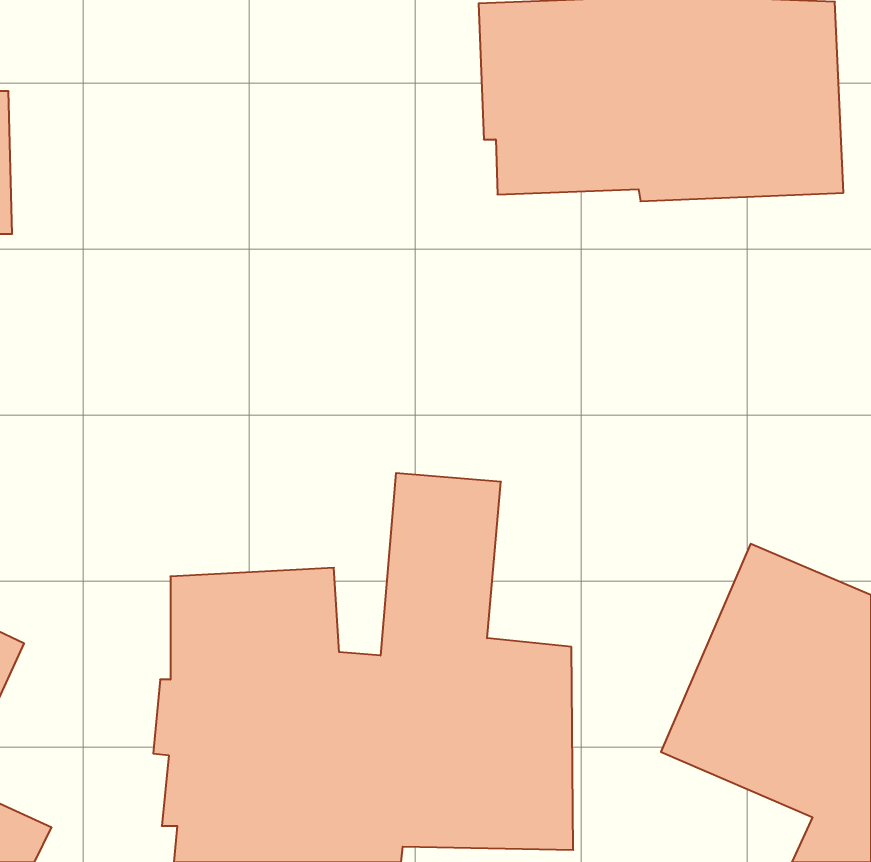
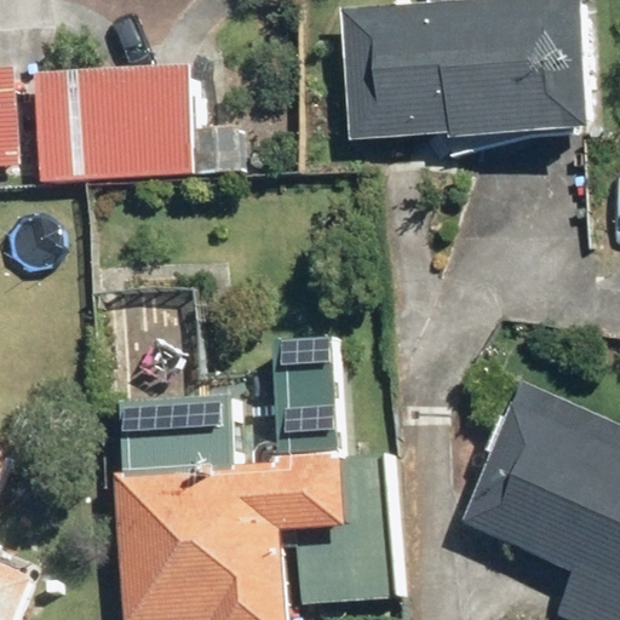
building: none -> [35,68,199,179]

